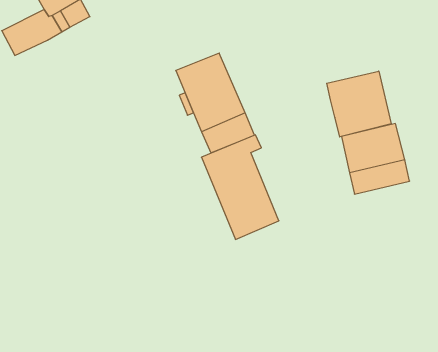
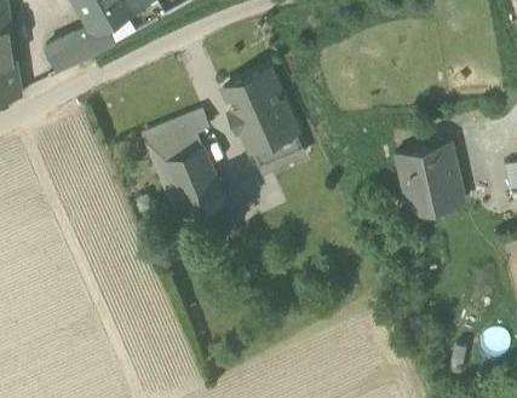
building: [327,71,391,137] -> none
building: [201,135,279,239] -> [145,114,225,221]

